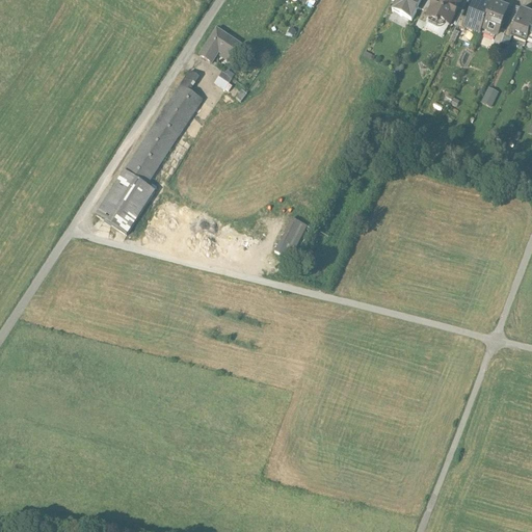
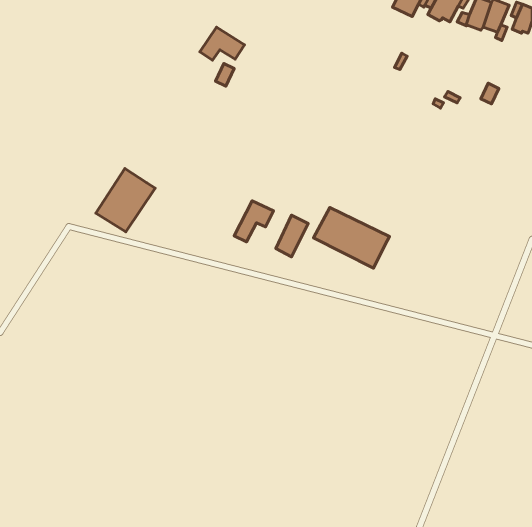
building: [125,68,203,183] -> none
building: none -> [234,201,273,242]
building: none -> [313,207,389,268]

